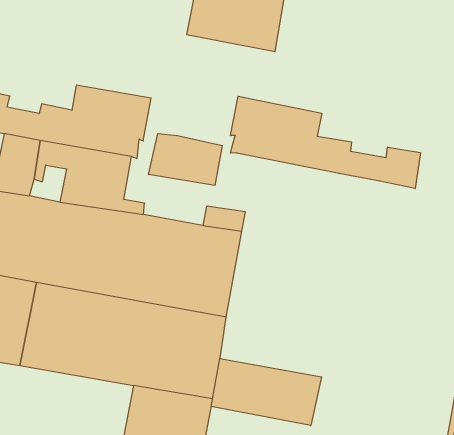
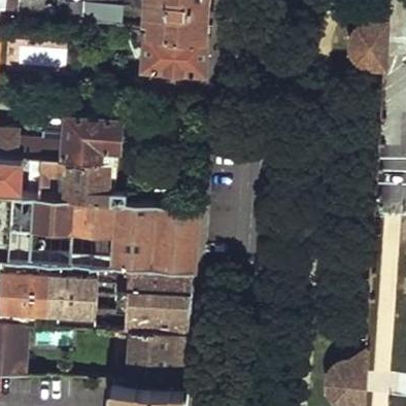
building: [230,96,420,189] -> none
building: [149,134,222,185] -> none
building: [211,359,321,426] -> none

